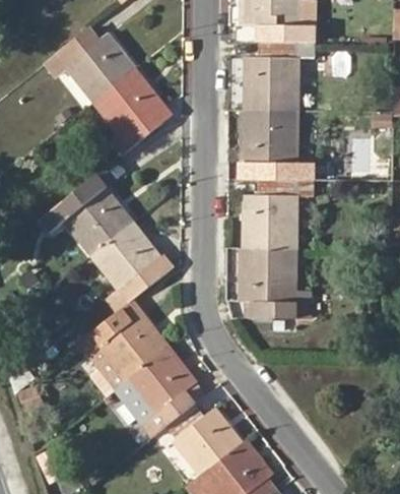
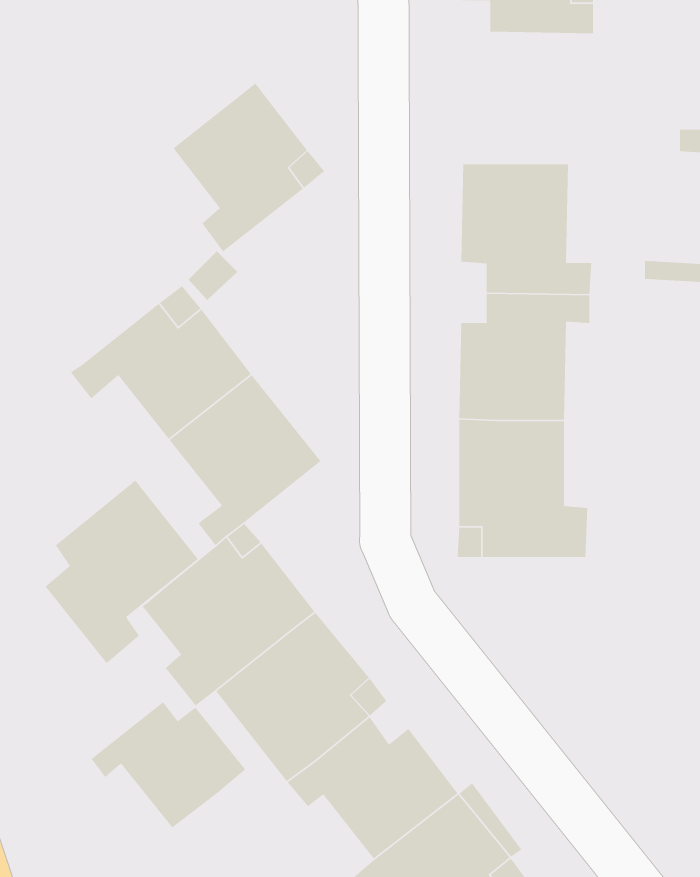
building: [46,30,135,102] -> none
building: [244,41,313,110] -> none
building: none -> [44,480,199,664]
building: none -> [91,701,246,829]

